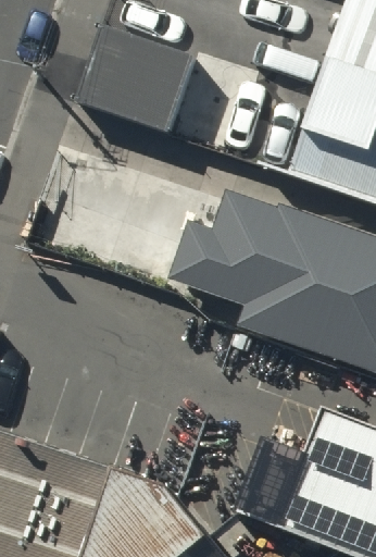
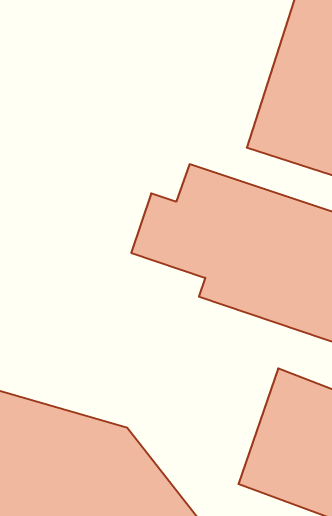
building: [78,25,198,144] -> none

